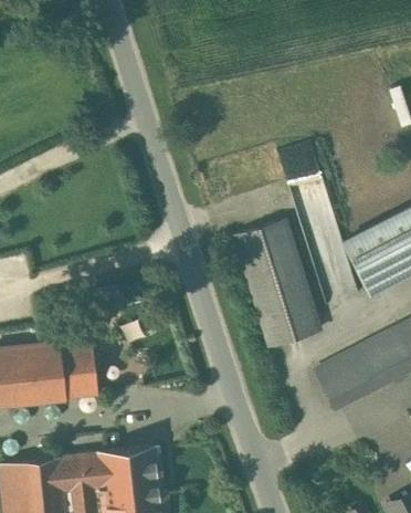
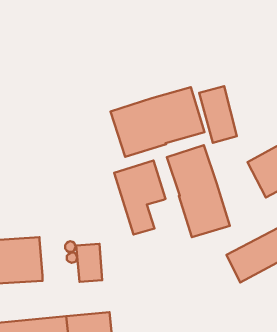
building: none -> [110,87,205,157]
building: none -> [114,161,165,234]
building: [60,347,95,399] -> [76,244,102,282]

